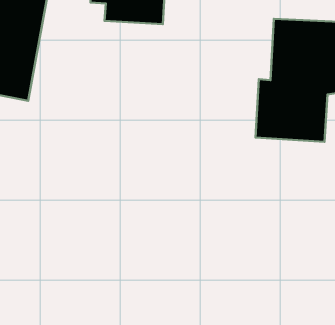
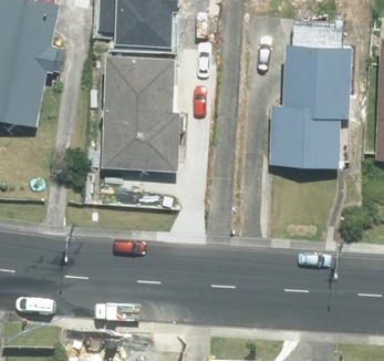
building: none -> [101,58,177,177]

